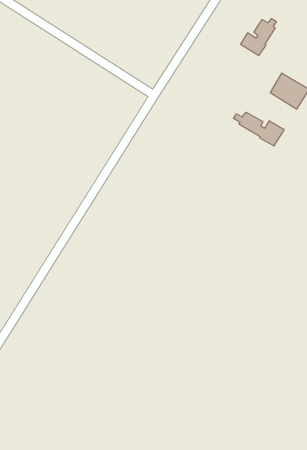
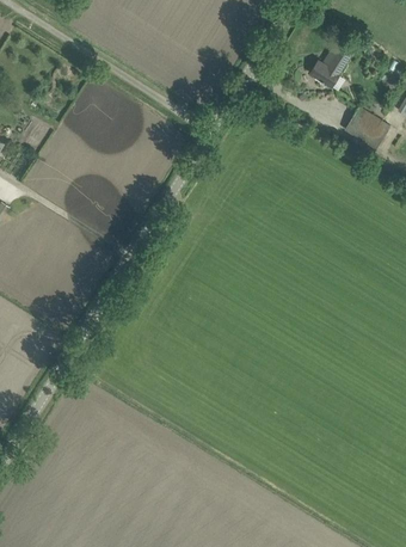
building: [234,112,284,146] -> none

